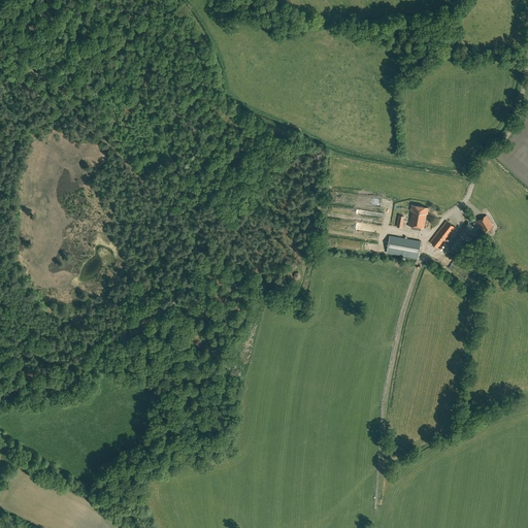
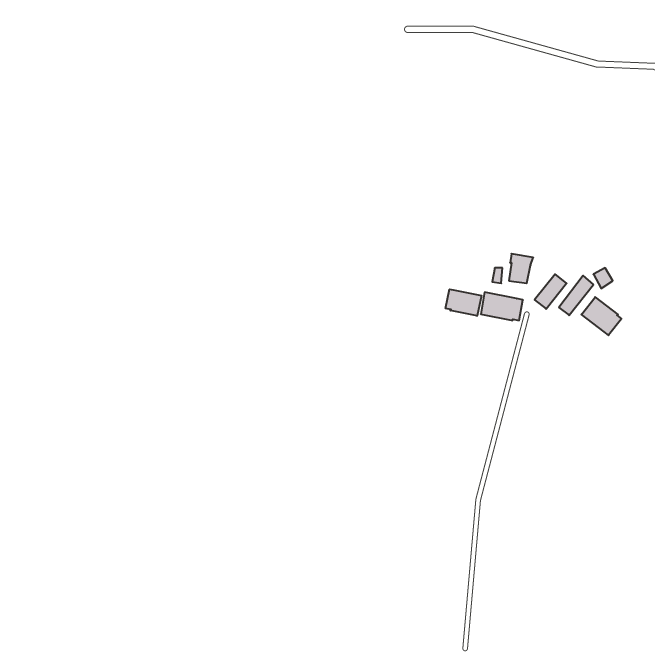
building: none -> [446,289,482,316]
building: none -> [581,297,621,335]

